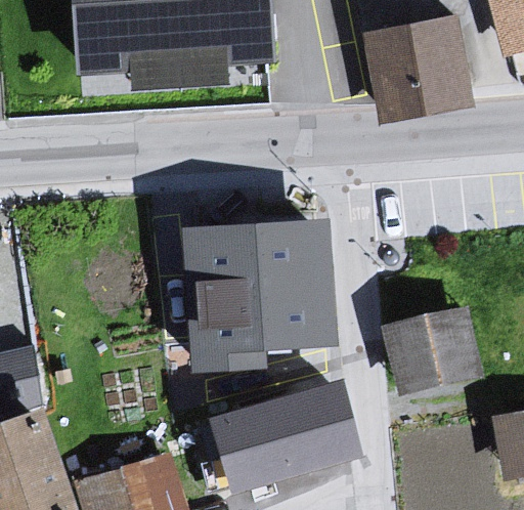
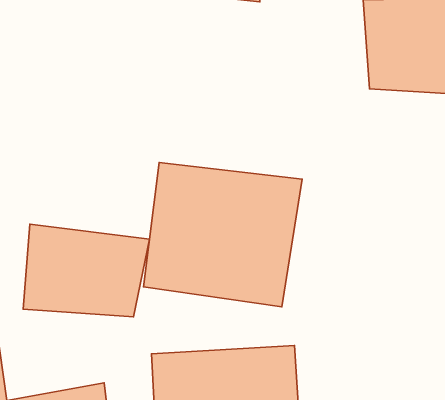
building: none -> [23,224,149,317]
building: [382,315,480,399] -> none

